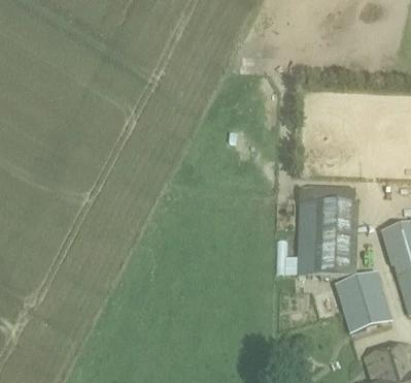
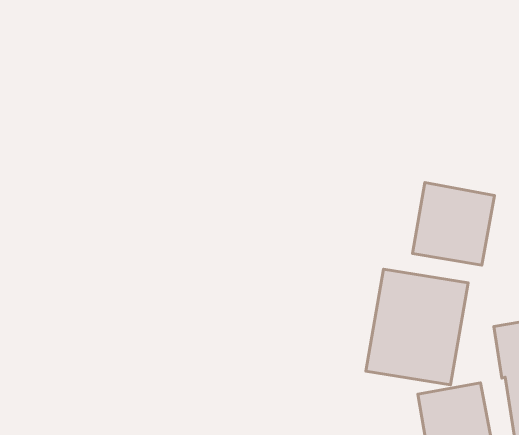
building: none -> [413,182,494,265]

